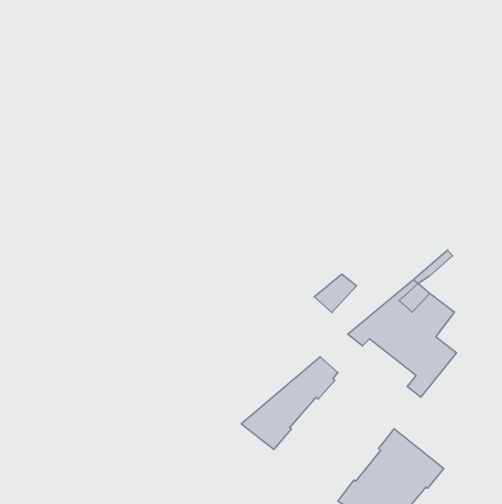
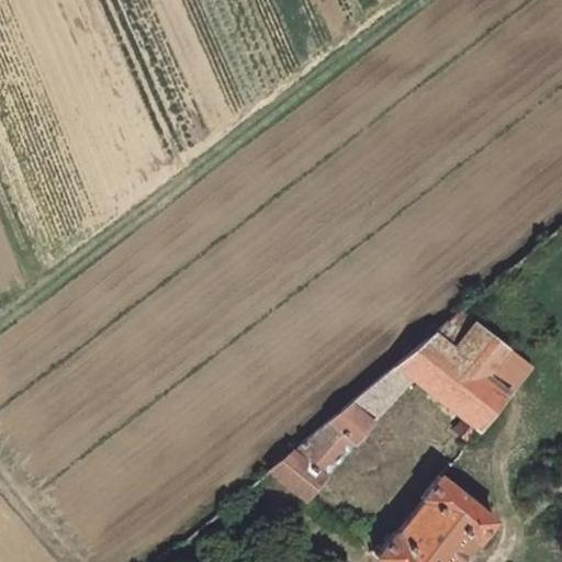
building: [314,274,357,313] -> [359,372,406,415]
building: none -> [487,348,531,393]

